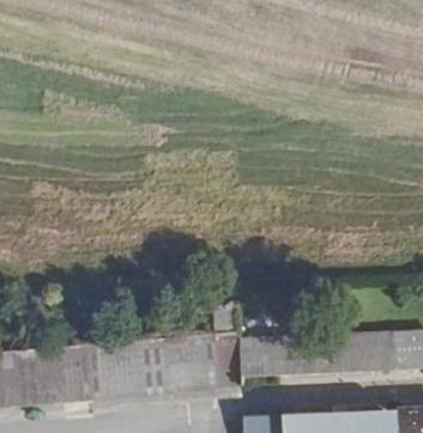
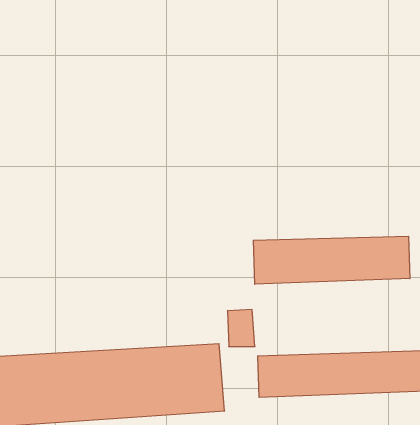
building: none -> [253,236,410,284]

